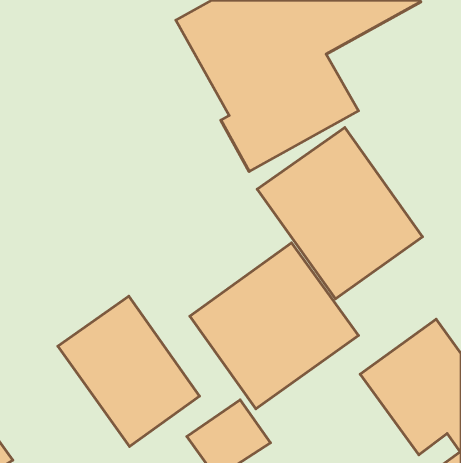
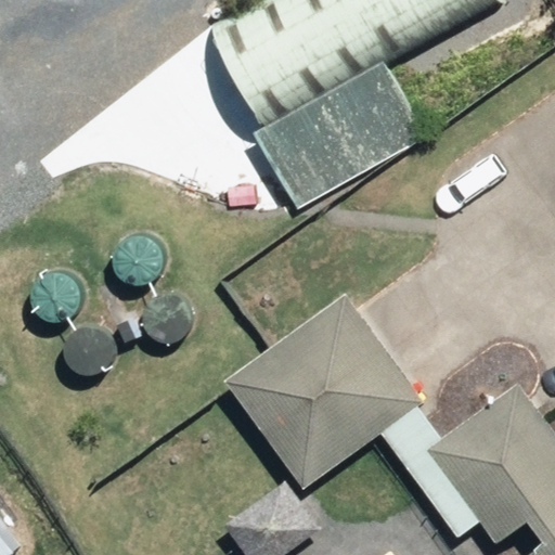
building: [257,127,422,299] -> none
building: [58,296,200,446] -> none

